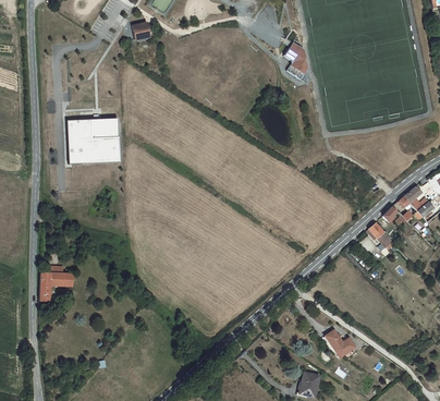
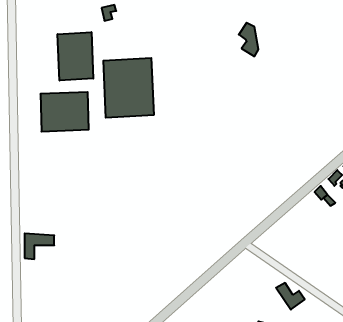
building: none -> [58,32,93,81]
building: none -> [103,58,154,118]

